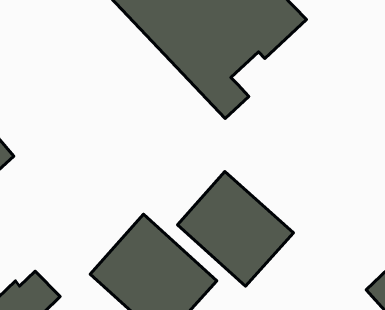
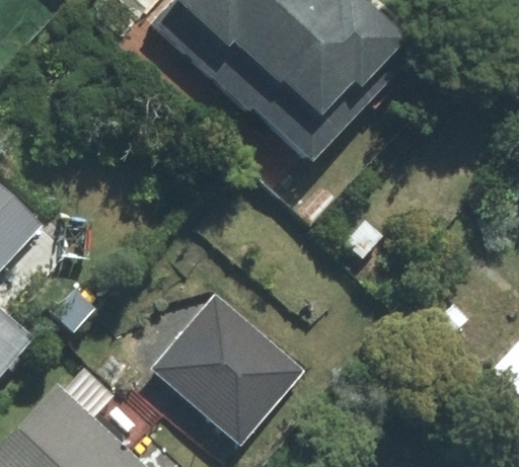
building: [177,172,294,286] -> none

